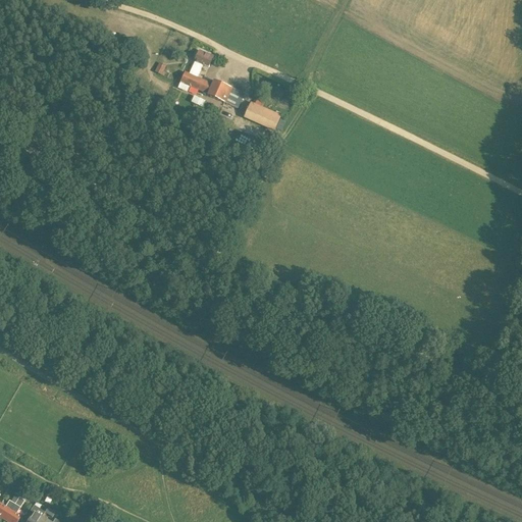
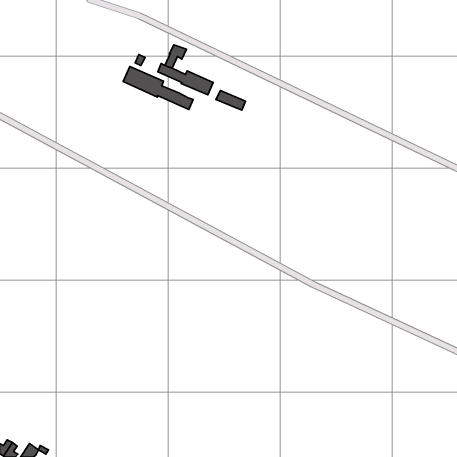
building: none -> [123,66,193,109]

